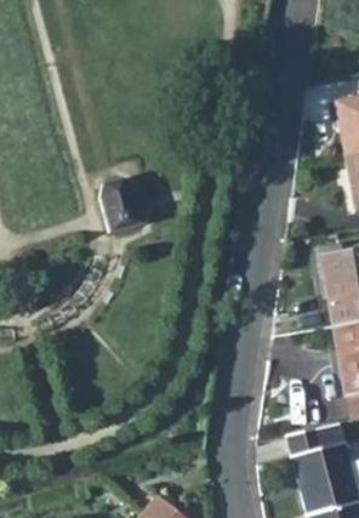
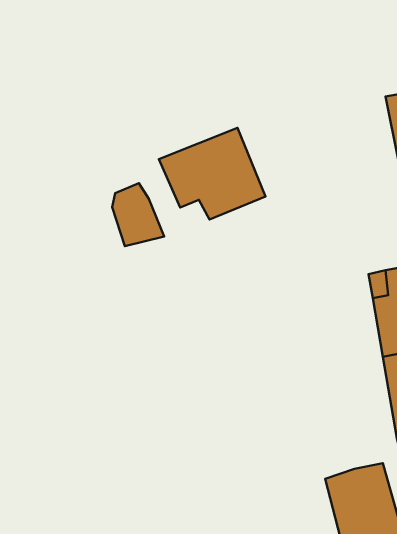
building: none -> [159,128,266,220]

